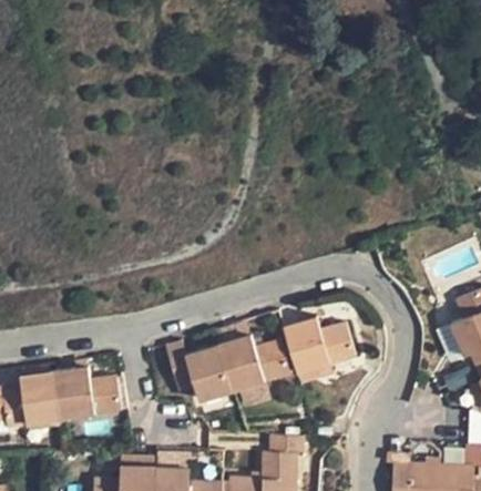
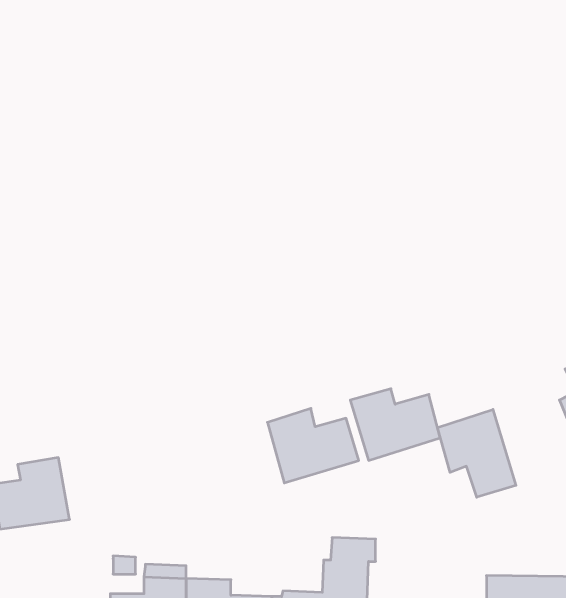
building: none -> [437,409,516,497]
building: [165,342,232,401] -> none
building: [53,366,121,420] -> none

